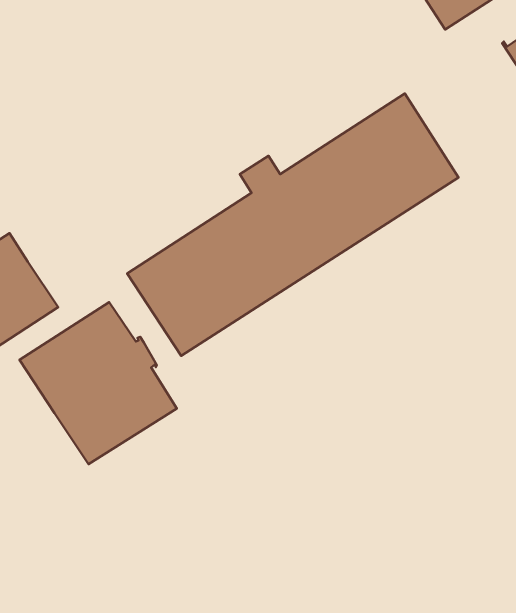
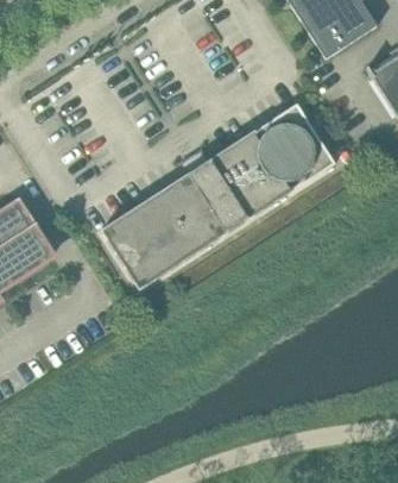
building: [20,302,177,464] -> none

